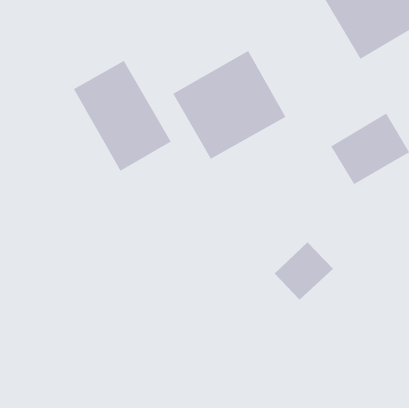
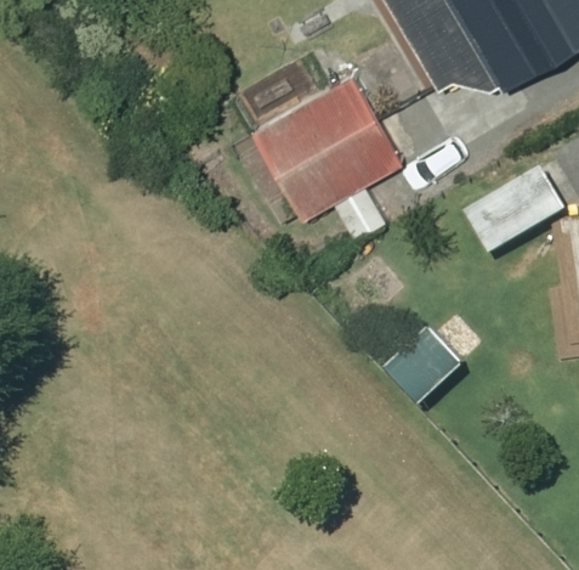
building: [73,60,172,172] -> none

